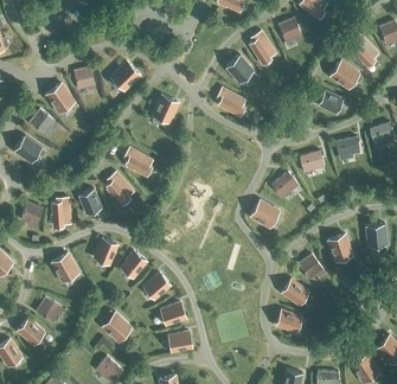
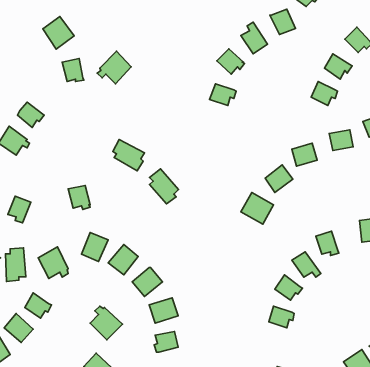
building: [45,82,76,114] -> [43,17,74,49]
building: [151,94,180,127] -> none
building: [105,171,134,205] -> [150,169,179,204]
building: [51,196,71,229] -> [5,248,26,282]

